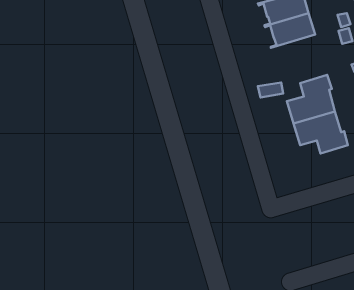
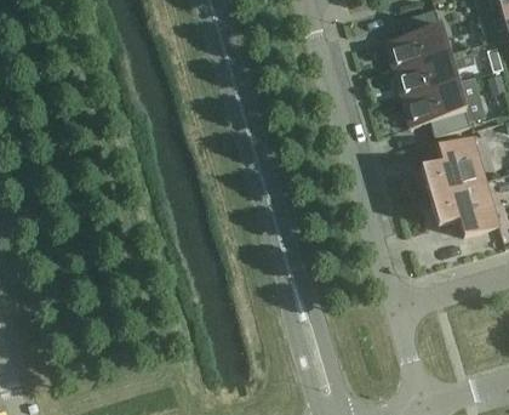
building: none -> [400,80,470,135]

